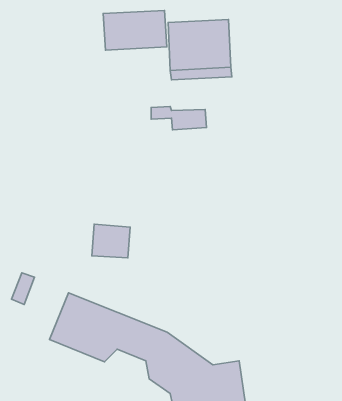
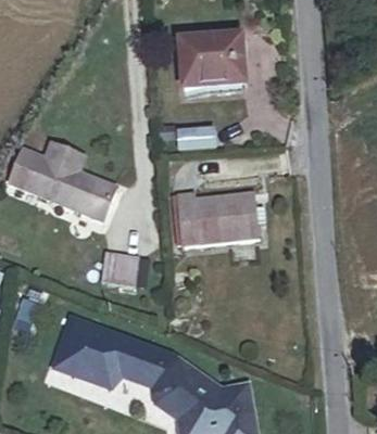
building: [103,10,167,50] -> none
building: none -> [9,143,116,220]
building: none -> [176,191,268,246]

